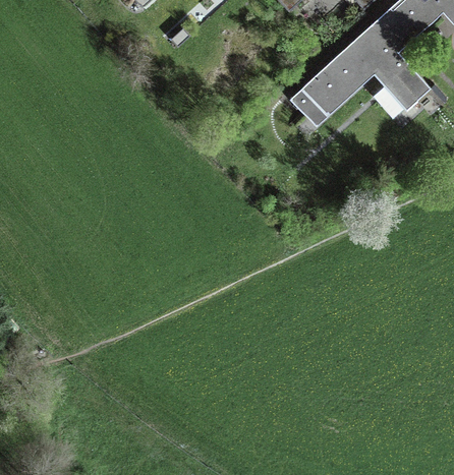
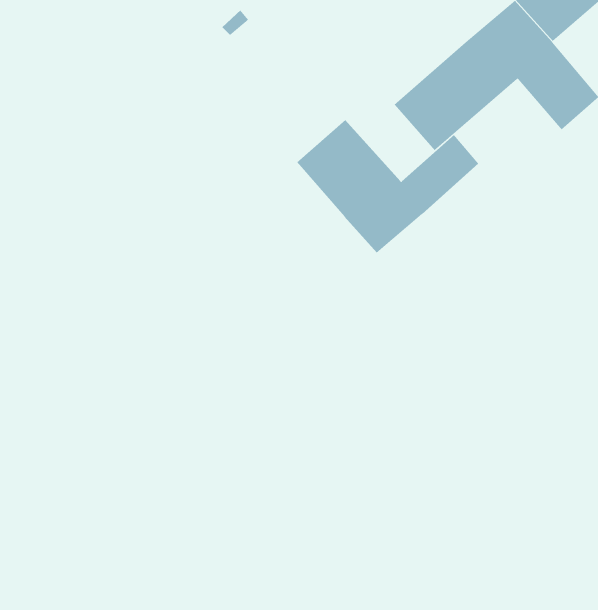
building: none -> [296,119,479,253]

